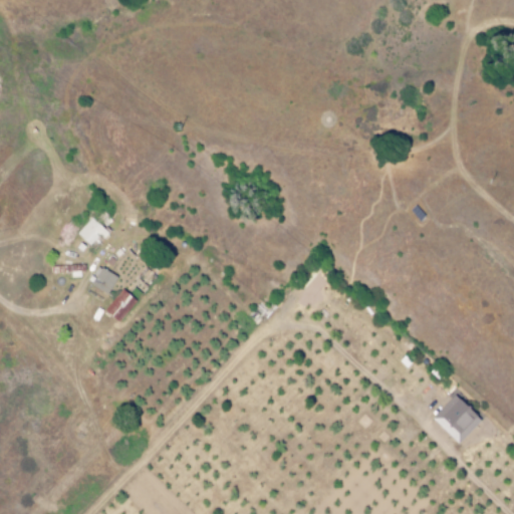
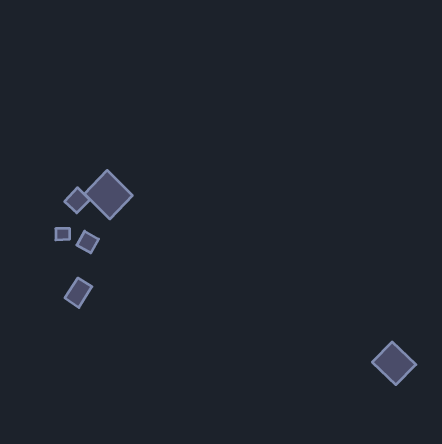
building: none -> [85,170,132,219]
building: [105,288,137,322] -> [65,278,92,308]

